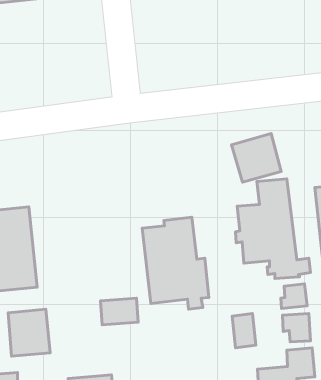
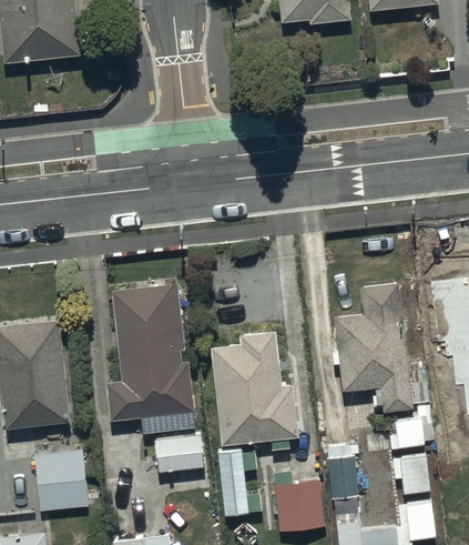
building: [231,134,281,182] -> none
building: none -> [108,284,195,434]
building: none -> [217,450,262,515]
building: none -> [274,473,325,532]

